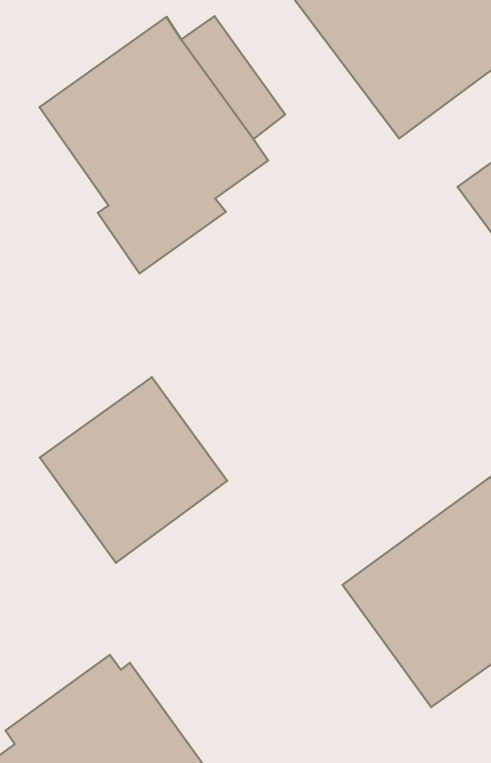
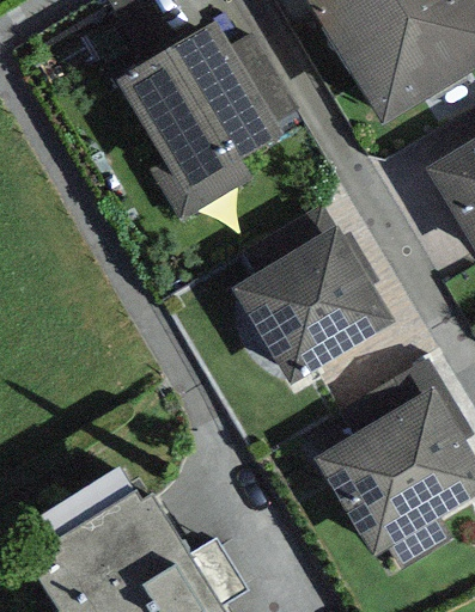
building: none -> [233,225,395,385]
building: [40,377,227,563] -> none

